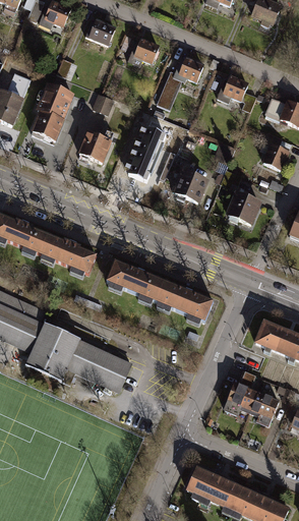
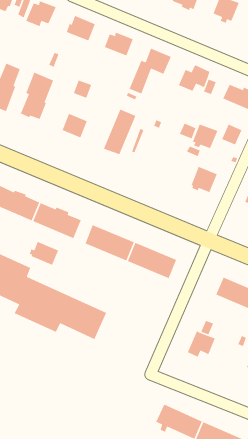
building: [176,171,206,200] -> [192,123,218,149]
building: none -> [29,241,59,266]
building: [249,391,278,423] -> none

